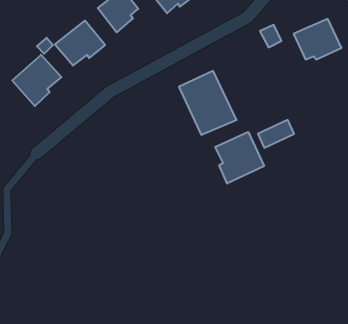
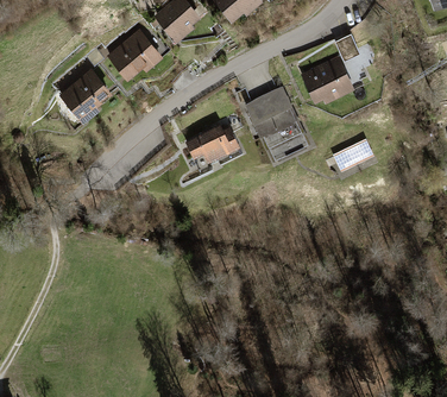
building: [294,19,342,59] -> [301,57,354,102]
building: none -> [184,125,240,162]
building: [215,132,264,184] -> none

